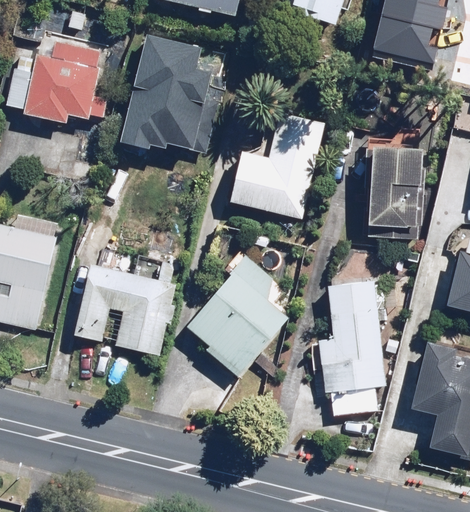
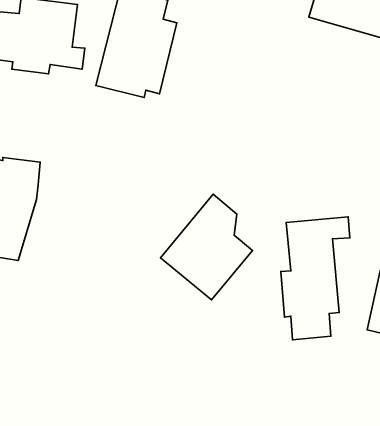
building: [229,110,326,219] -> none
building: [368,147,425,237] -> none
building: [77,253,177,354] -> none

